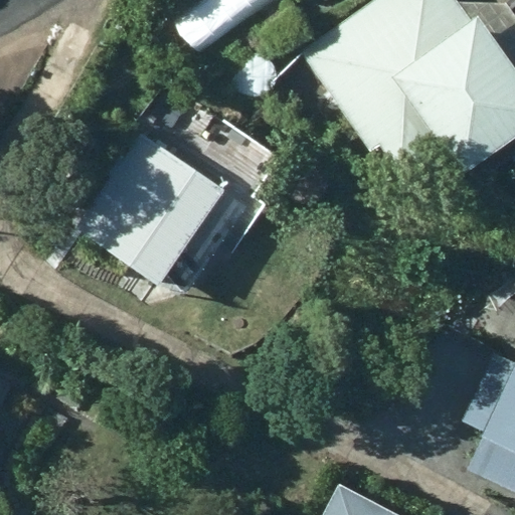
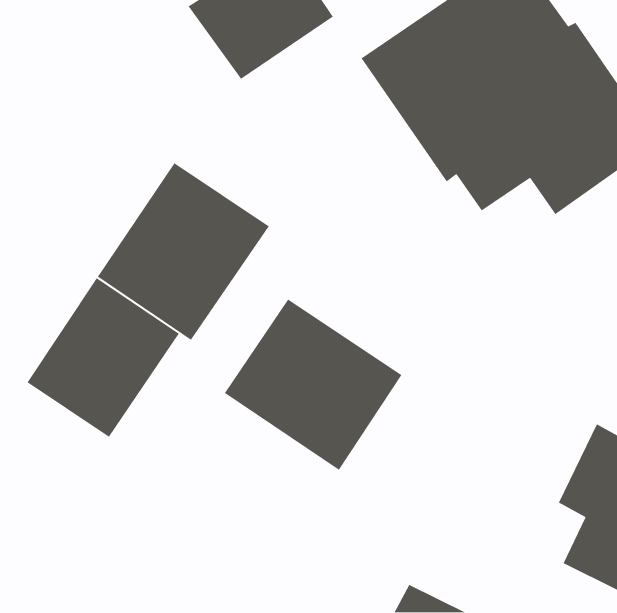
building: none -> [26,277,180,438]
building: none -> [224,298,402,471]

